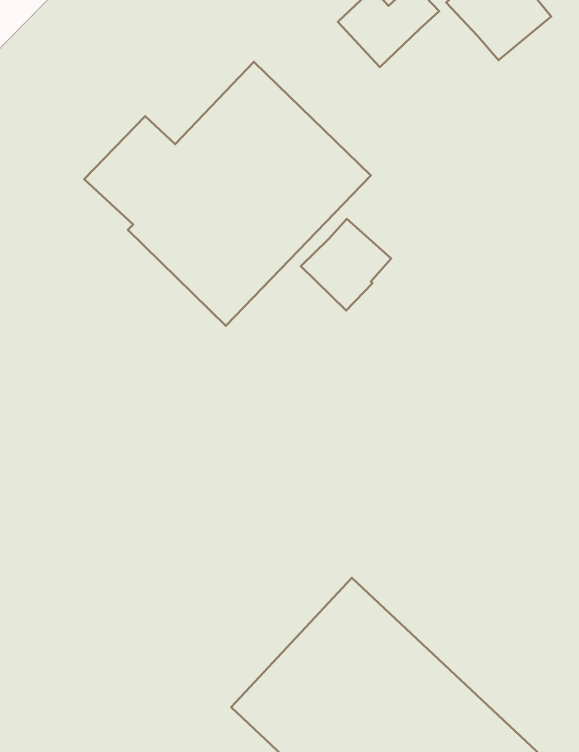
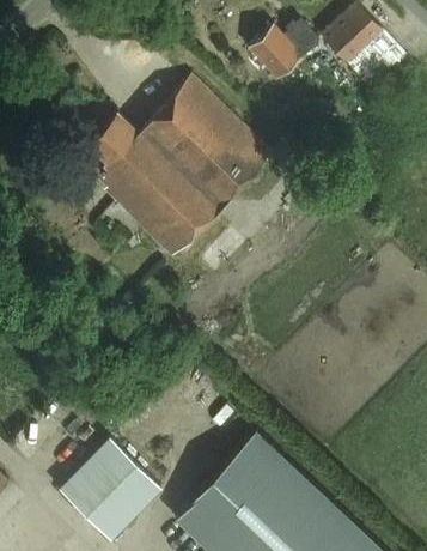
building: [301,219,391,310] -> none
building: none -> [57,440,160,541]

